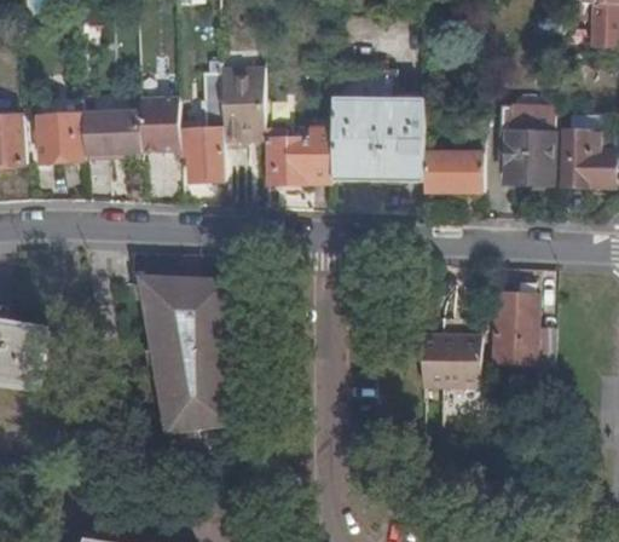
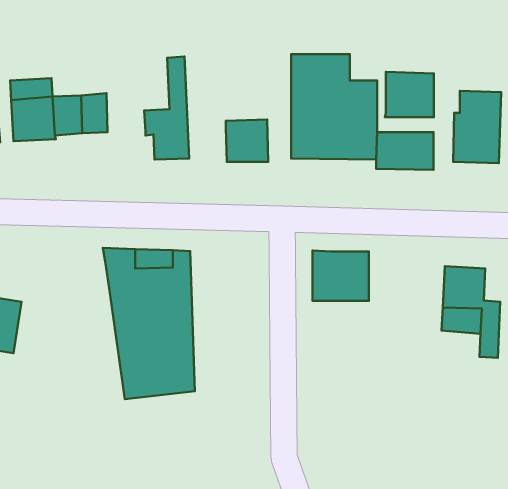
building: [221,67,265,148] -> none
building: none -> [385,72,434,117]
building: [138,96,180,151] -> none
building: [308,125,334,183] -> none
building: [421,335,480,388] -> [313,250,369,301]

